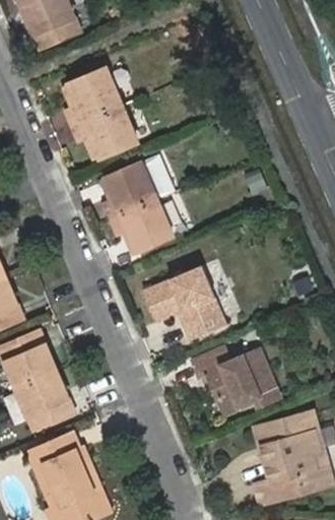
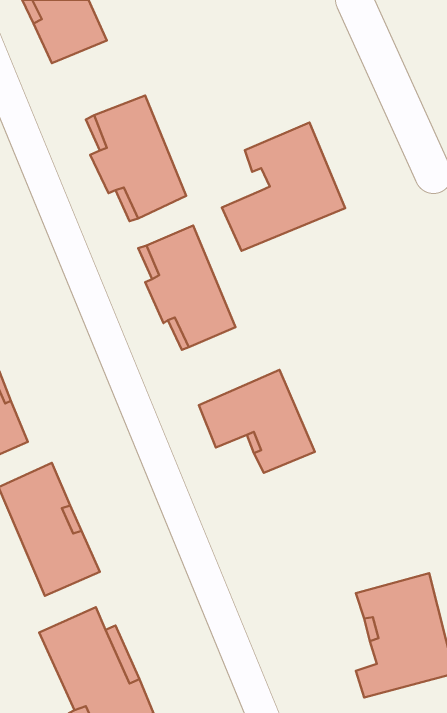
building: none -> [222,123,345,251]
building: [192,348,278,411] -> none

